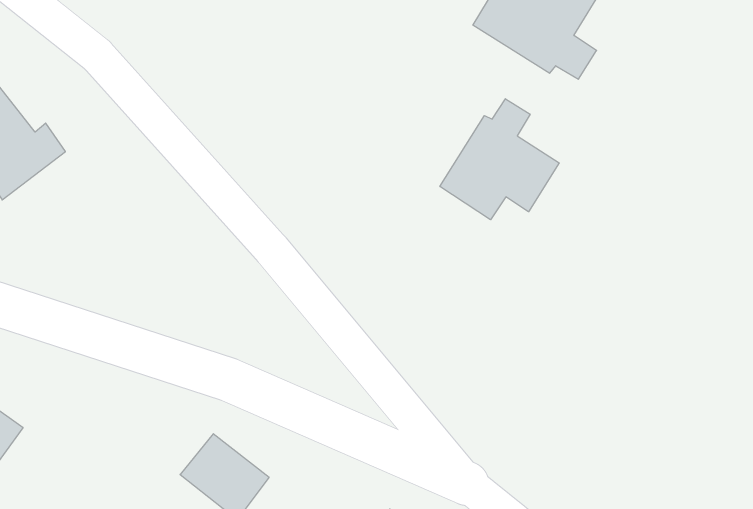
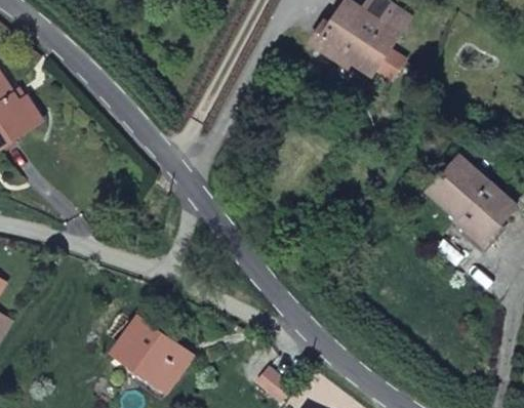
building: [440,99,559,220] -> none
building: none -> [422,164,501,249]

